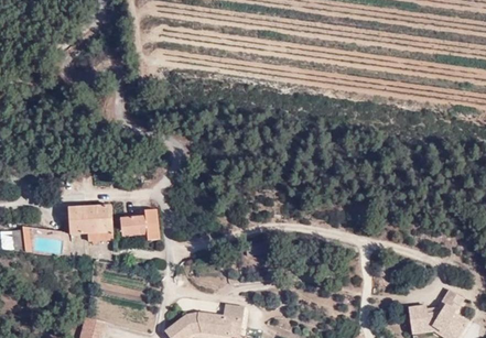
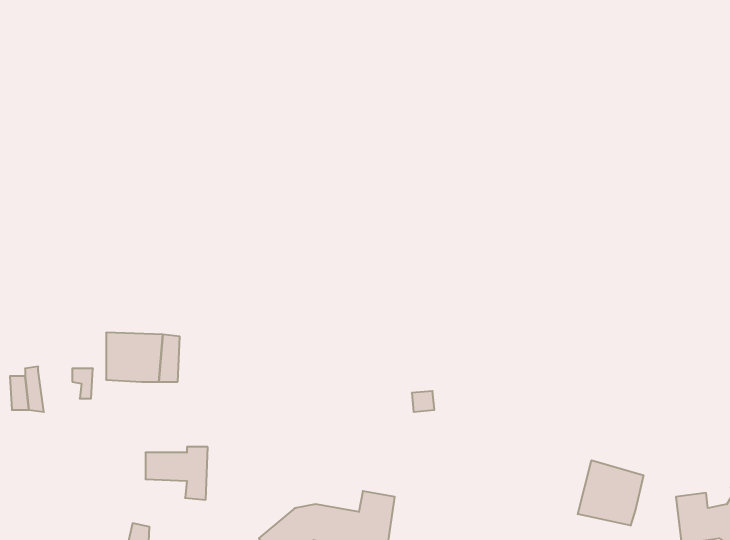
building: [122,219,159,250] -> [145,447,208,500]
building: none -> [578,460,643,526]

